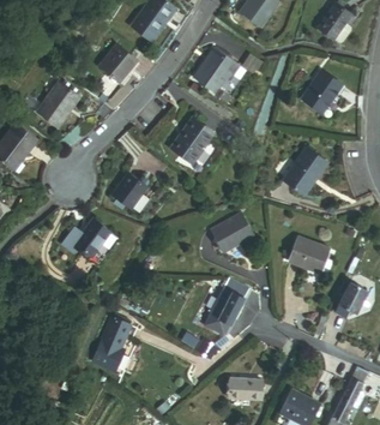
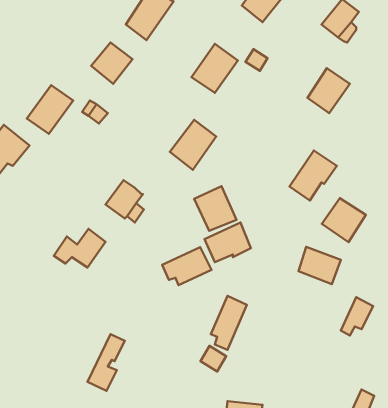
building: none -> [194,186,236,231]
building: none -> [322,198,366,242]
building: none -> [162,247,211,285]

